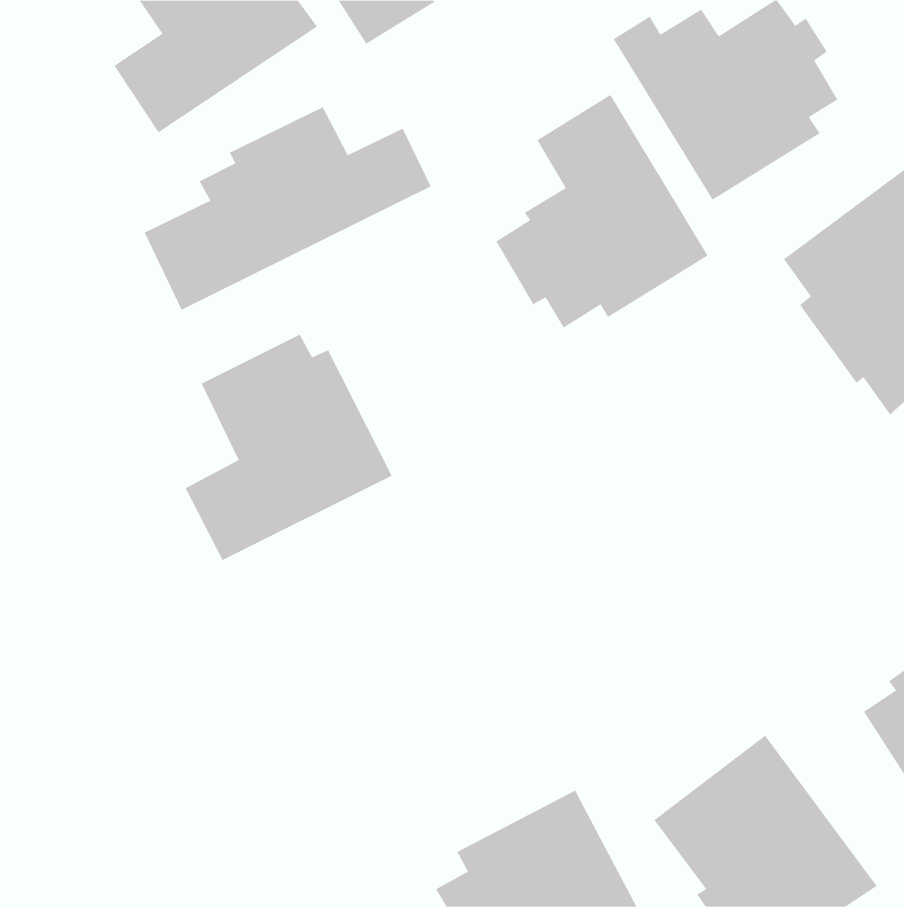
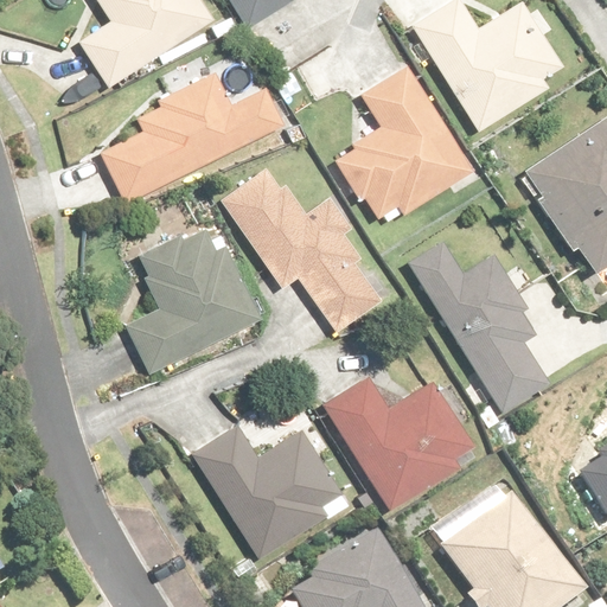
building: none -> [222,164,383,332]
building: none -> [407,238,549,410]
building: none -> [321,375,474,510]
building: none -> [192,423,344,560]

